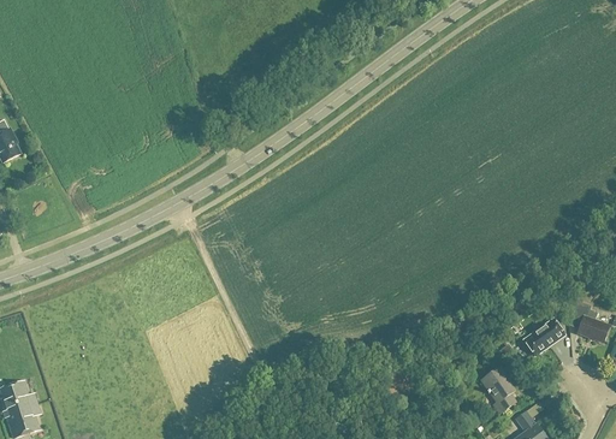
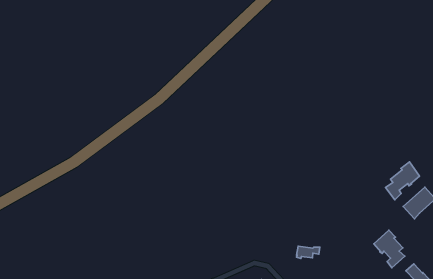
building: none -> [386,162,420,200]

